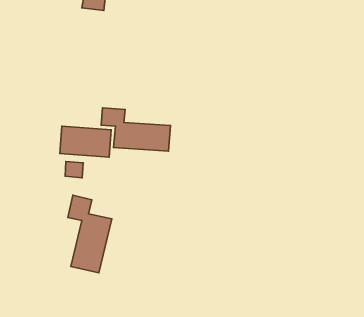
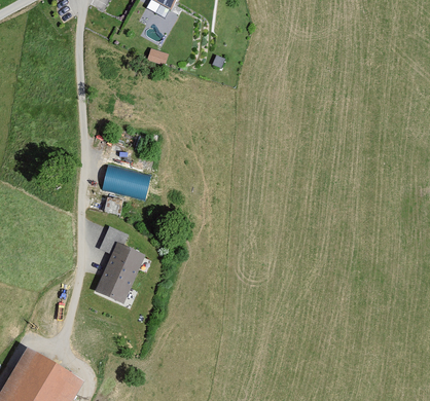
building: [101,108,171,151] -> none

